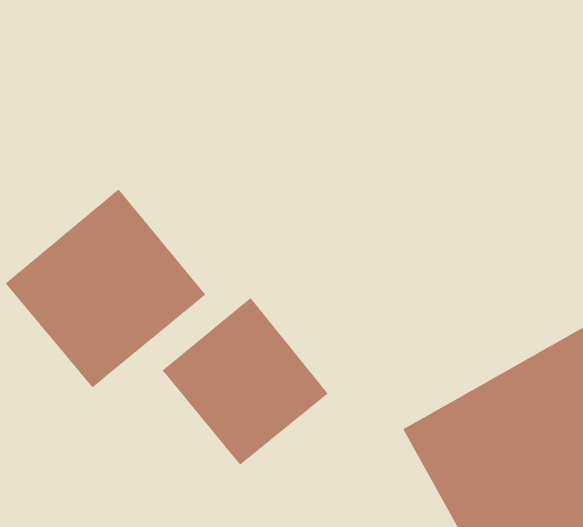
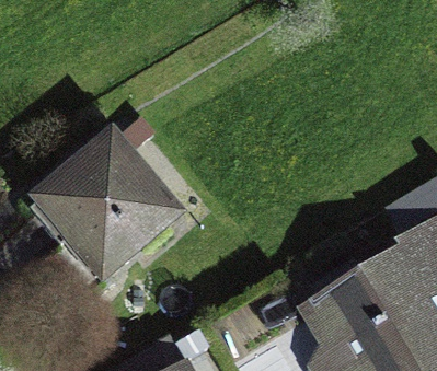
building: [162,297,329,466] -> none

